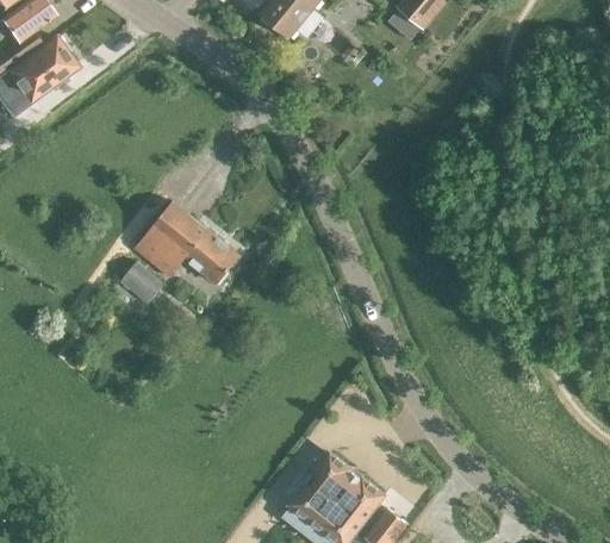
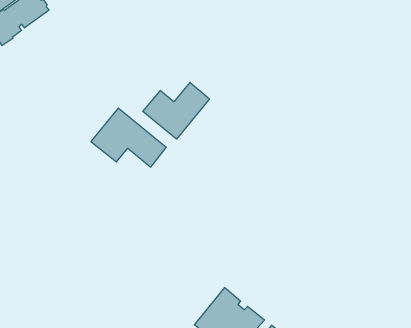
building: none -> [143,82,209,139]
building: [119,262,162,304] -> none

